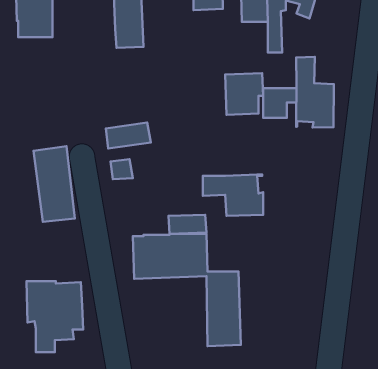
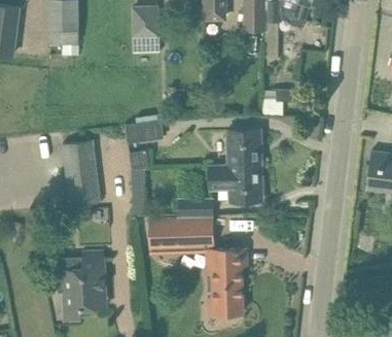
building: [296,57,334,128] -> none
building: [225,73,263,115] -> [228,130,261,166]

